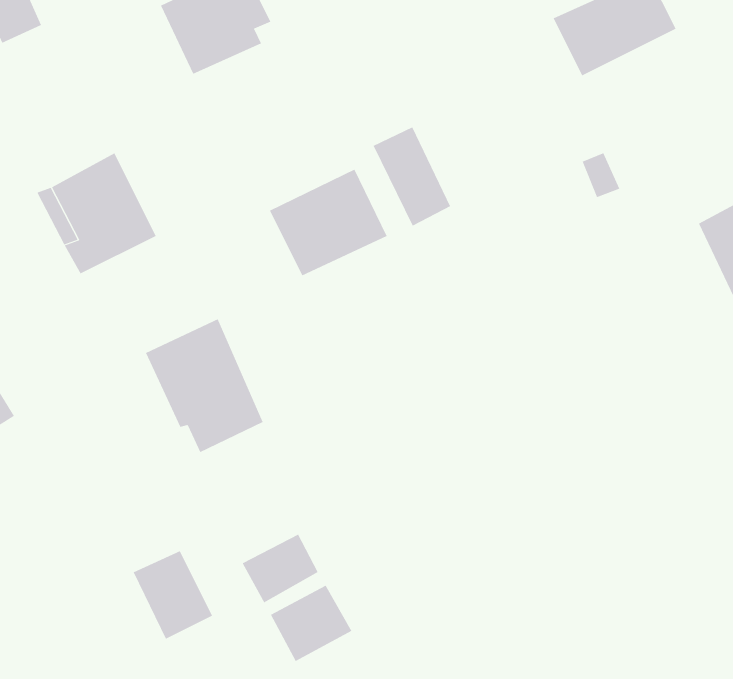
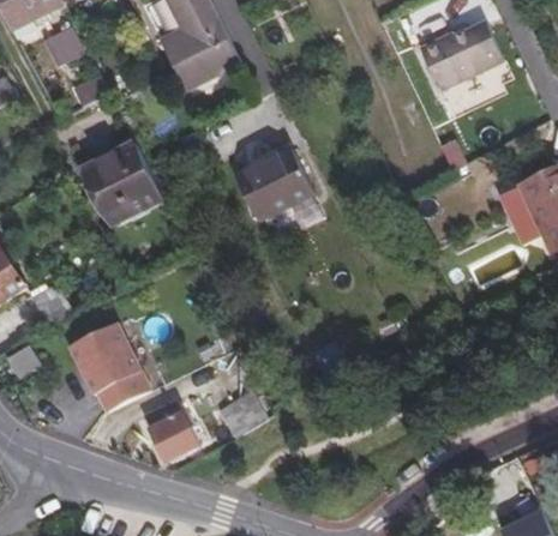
building: [373,127,451,227] -> none
building: [145,318,264,453] -> [70,320,148,409]
building: [270,585,352,662] -> none

